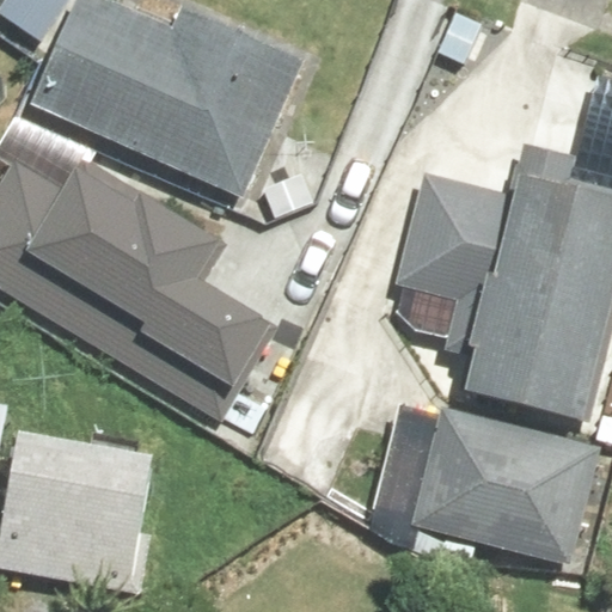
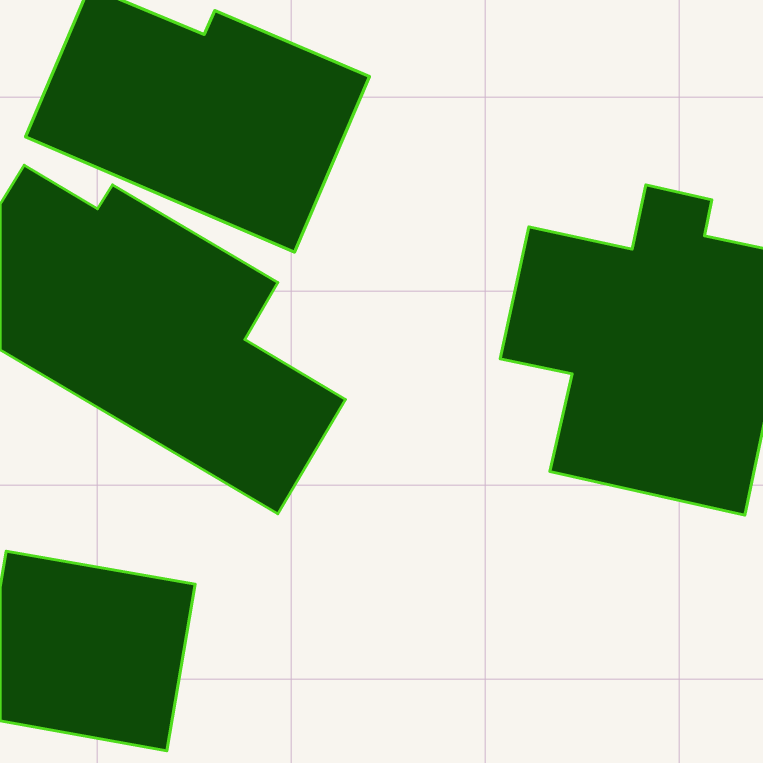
building: [414,400,596,547] -> none

